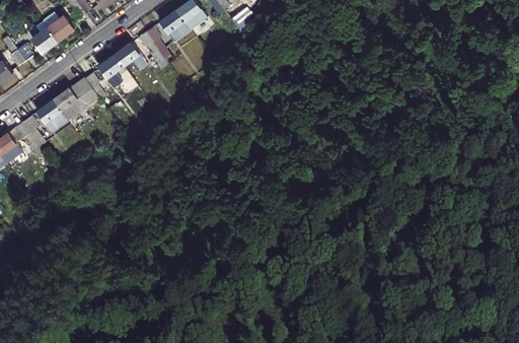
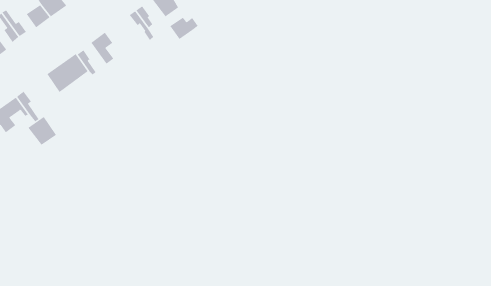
building: none -> [169,17,199,40]
building: [114,43,142,71] -> none
building: [35,98,66,129] -> [27,116,57,146]

